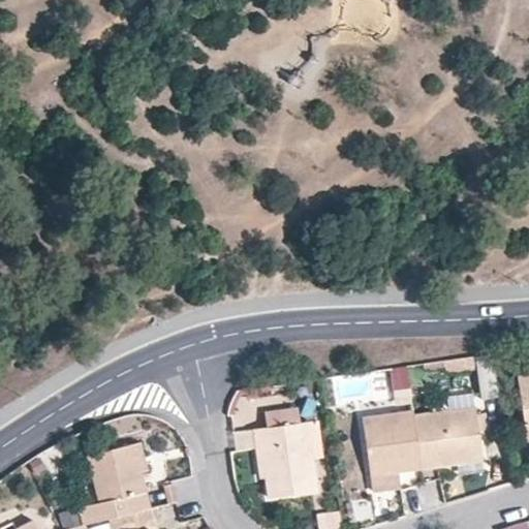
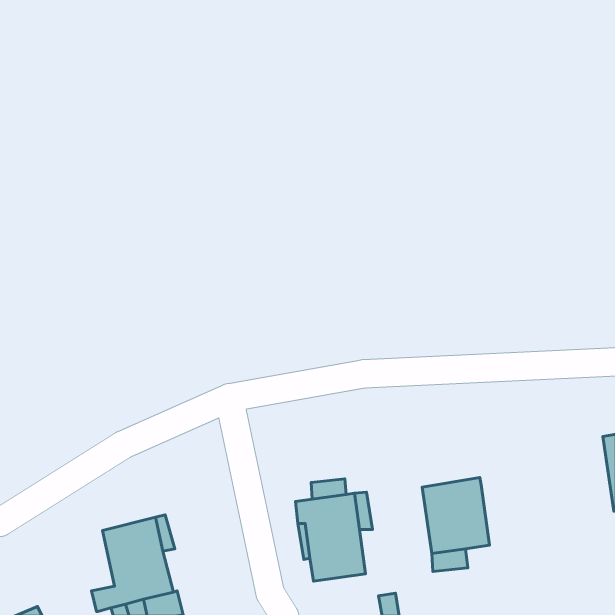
building: [413,408,483,468] -> none

